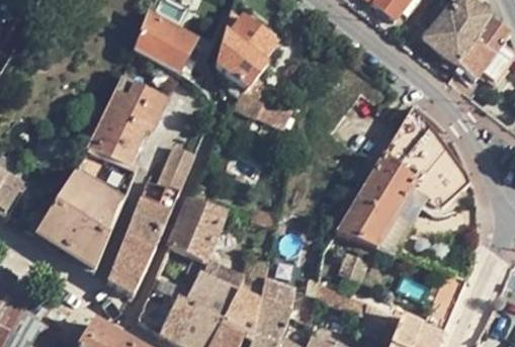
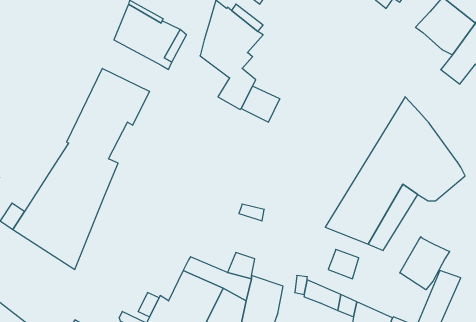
building: [107,145,195,294] -> none
building: [168,198,225,261] -> none
building: none -> [400,237,450,290]

